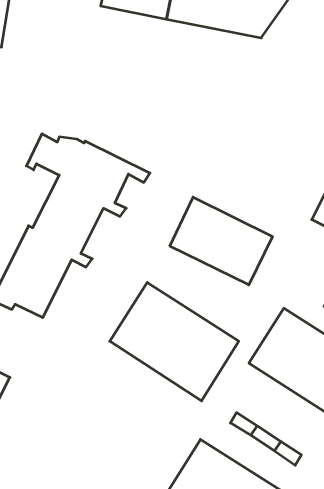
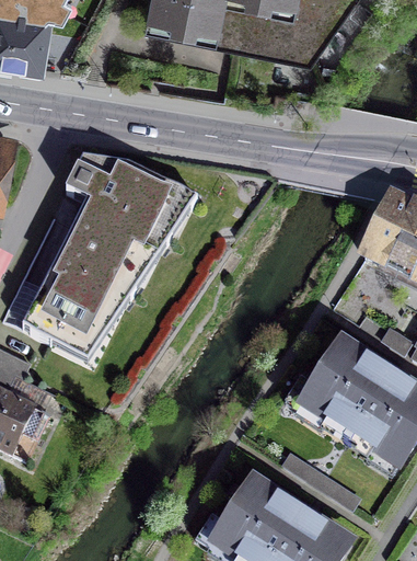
building: [170,197,272,285] -> none
building: [110,282,239,401] -> none

